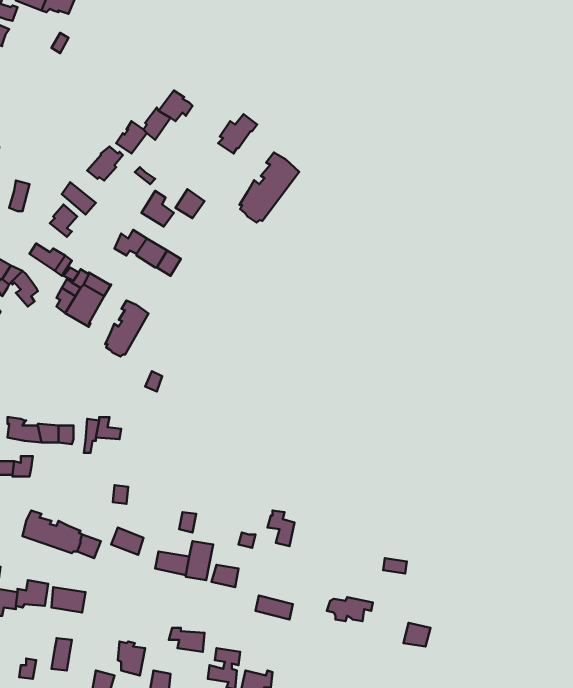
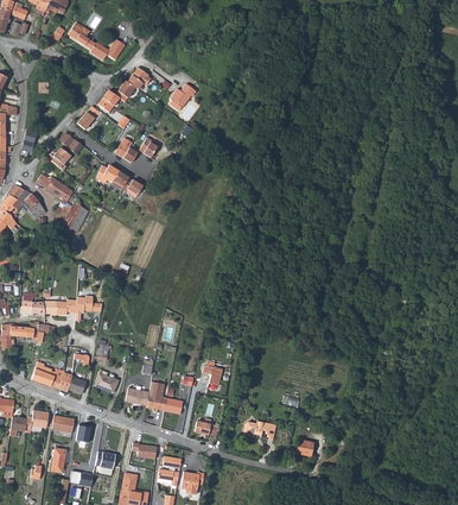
building: none -> [66,24,123,58]
building: [239,153,299,222] -> none
building: [105,301,148,356] -> none

